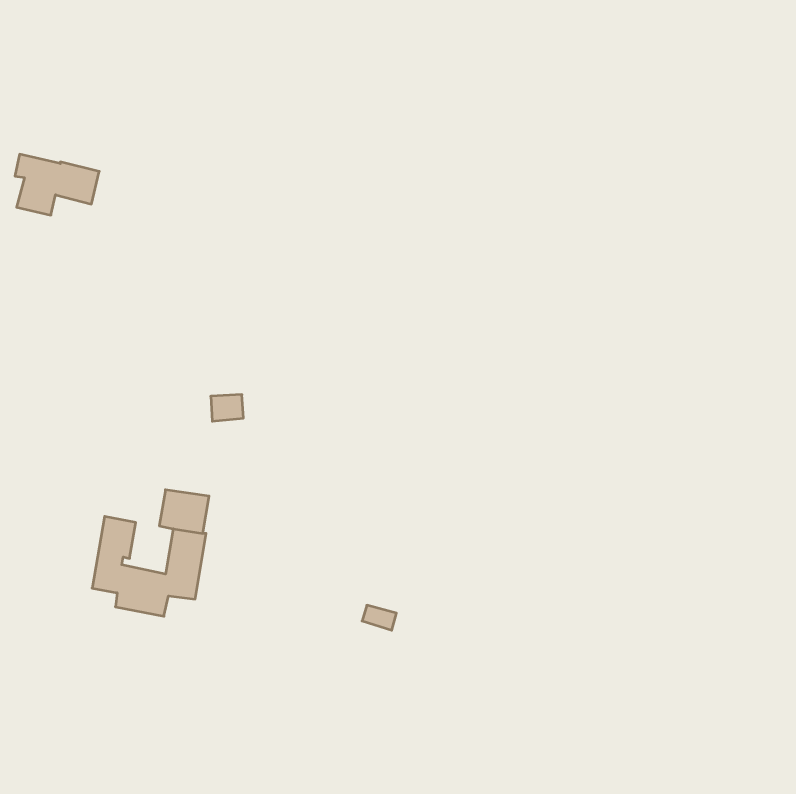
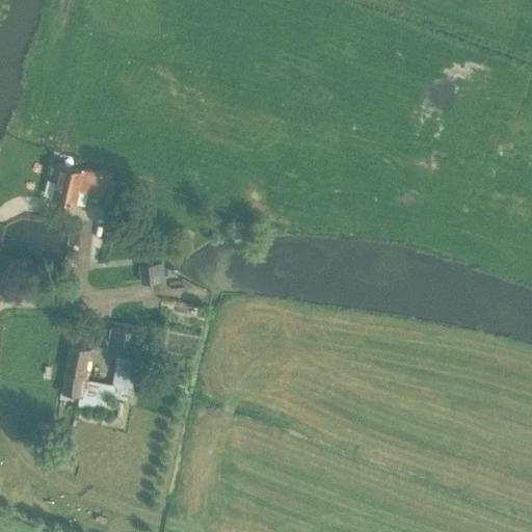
building: [15,154,99,215] -> [52,164,108,205]

